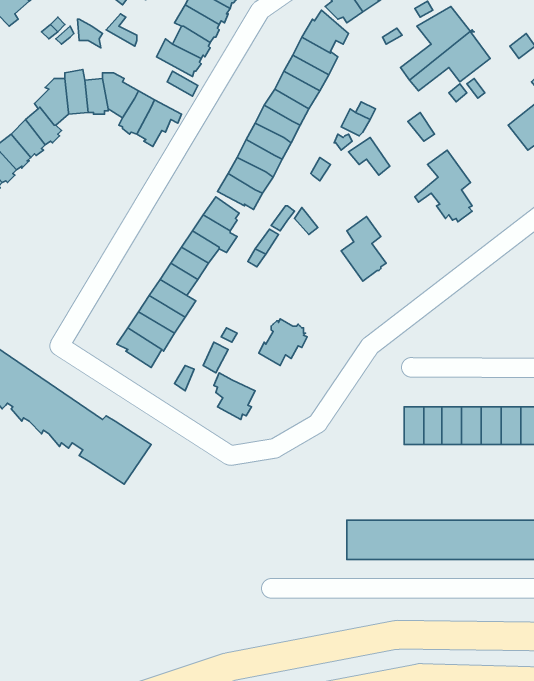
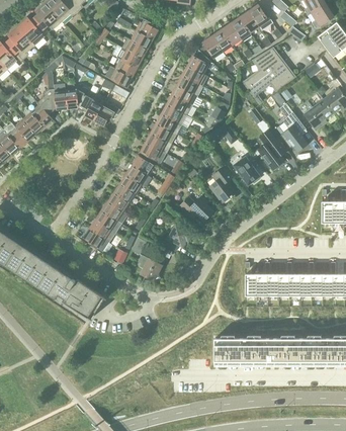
building: none -> [280,102,310,152]
building: none -> [234,156,260,184]
building: none -> [180,195,213,220]

